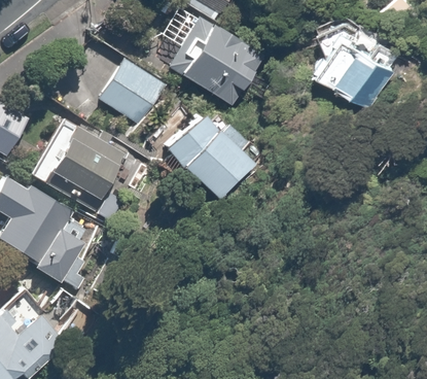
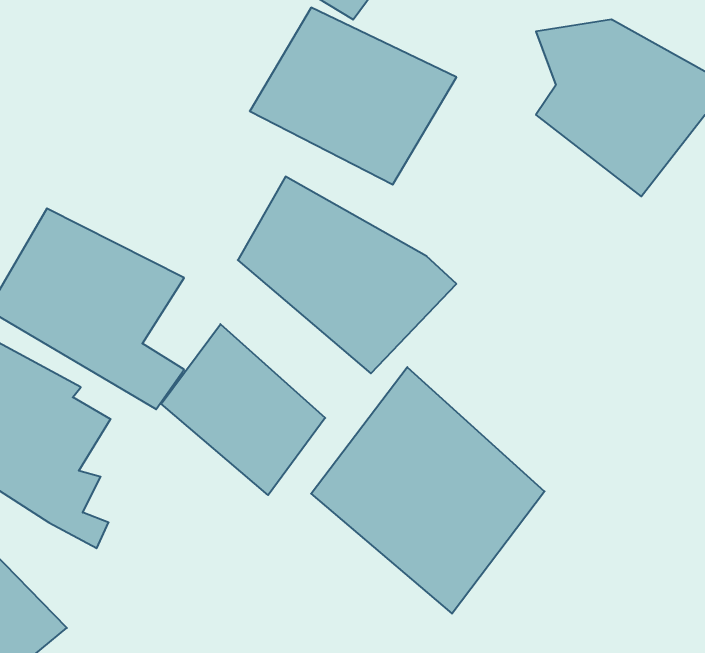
building: [97,58,166,123] -> none
building: none -> [161,324,325,495]
building: none -> [311,367,545,614]

